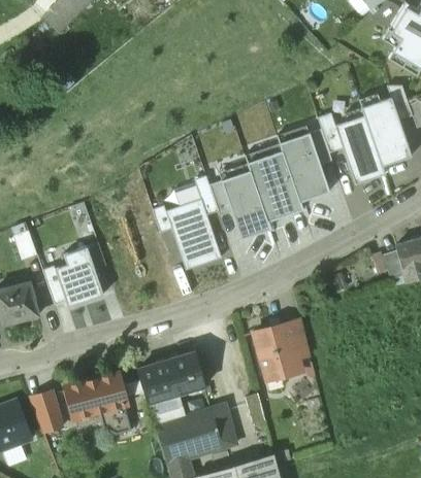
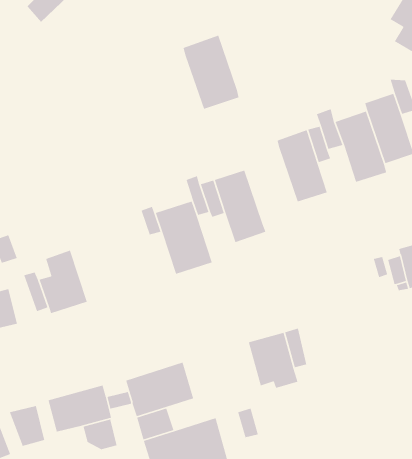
building: [249,150,302,221] -> [183,34,240,110]

